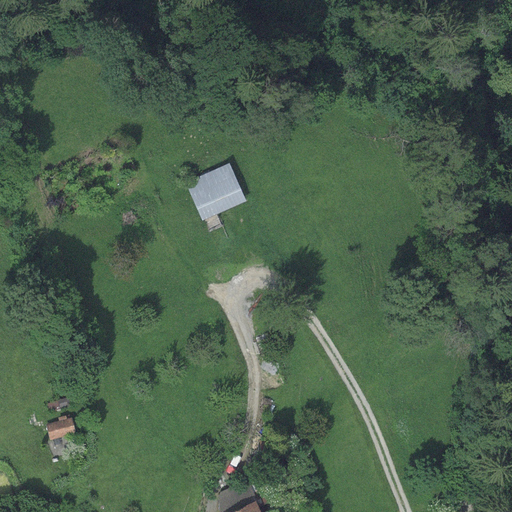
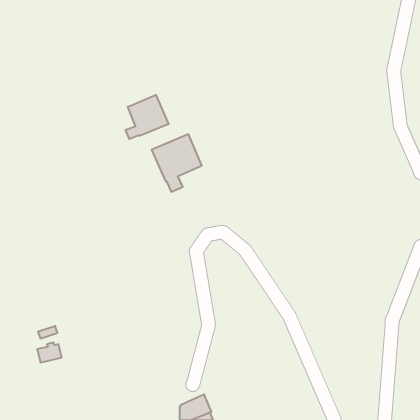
building: none -> [126,95,168,139]

